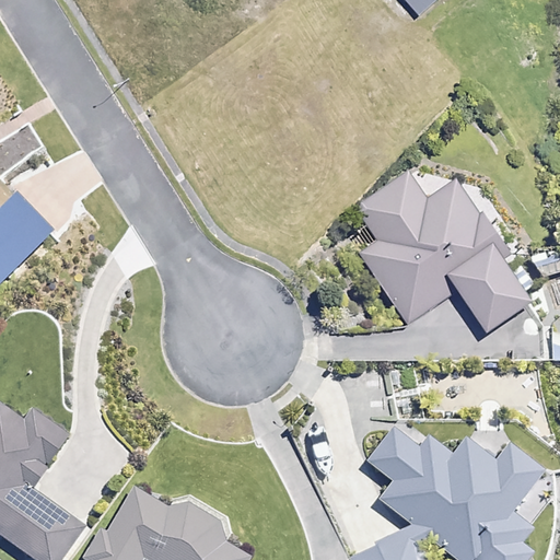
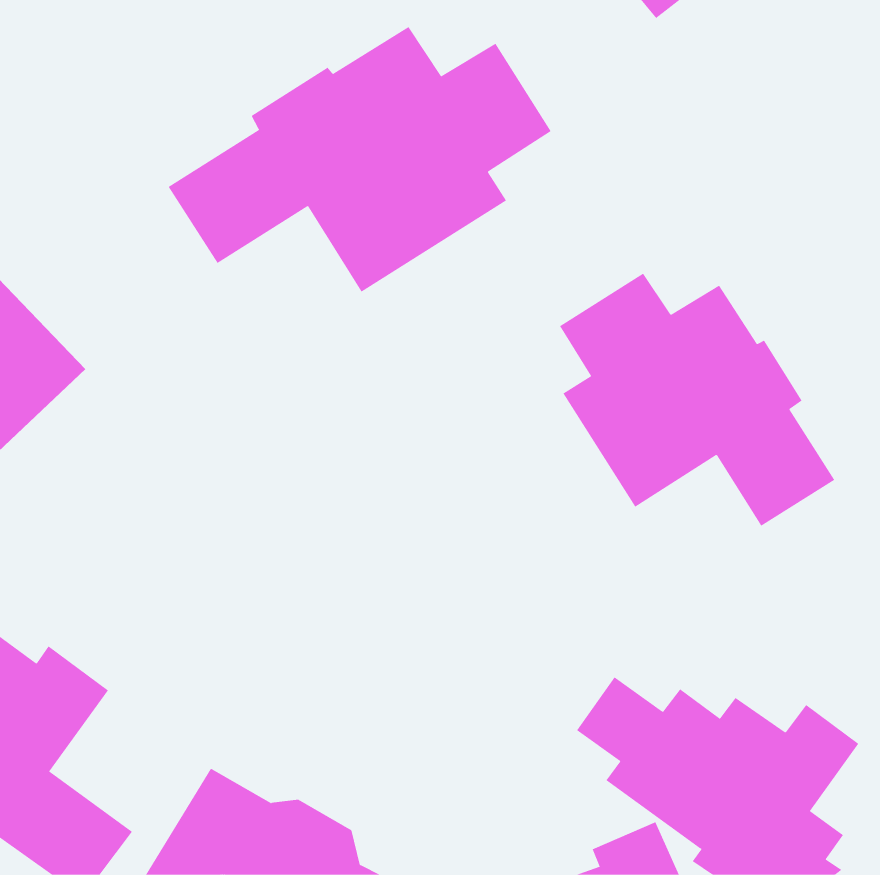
building: none -> [168,26,552,293]

